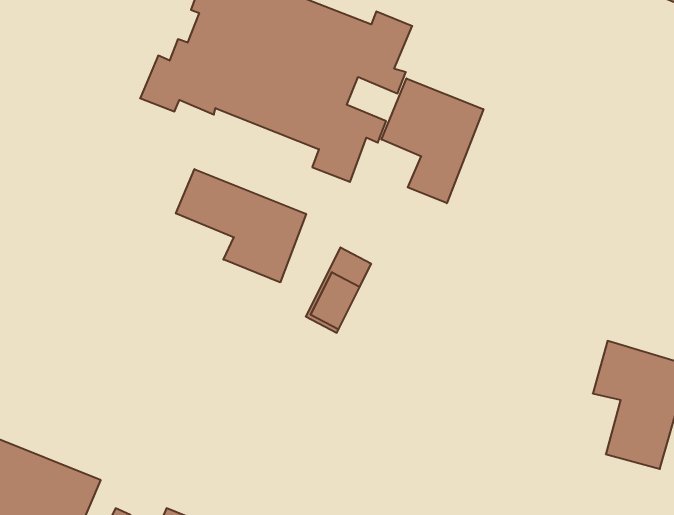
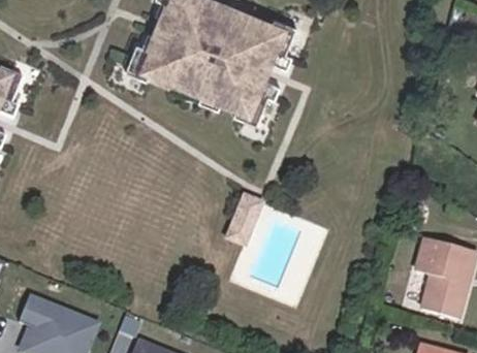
building: [381,78,483,203] -> none
building: [176,169,306,282] -> none

